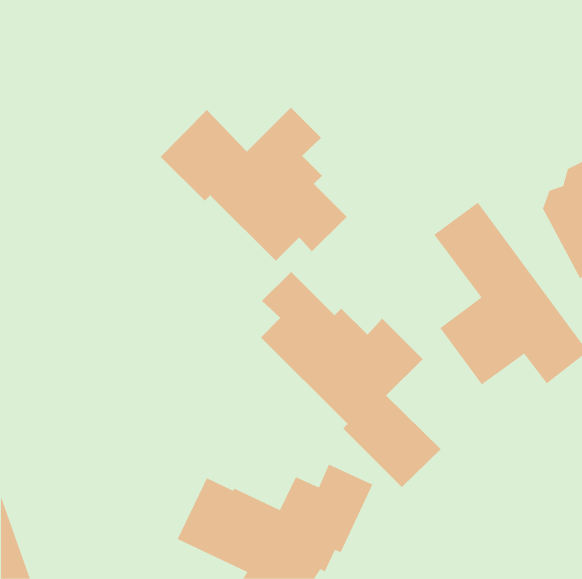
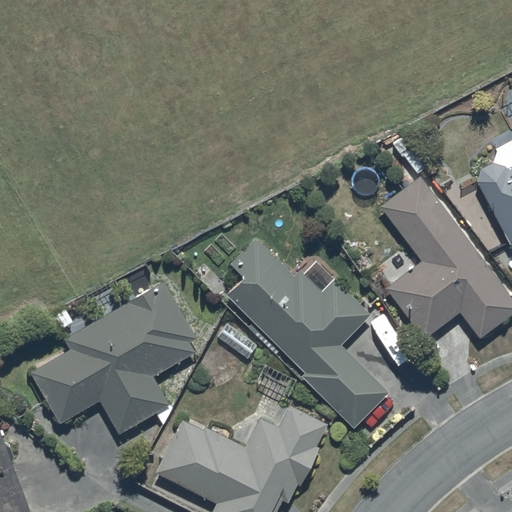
building: [160,107,347,262] -> none
building: none -> [30,282,196,435]

